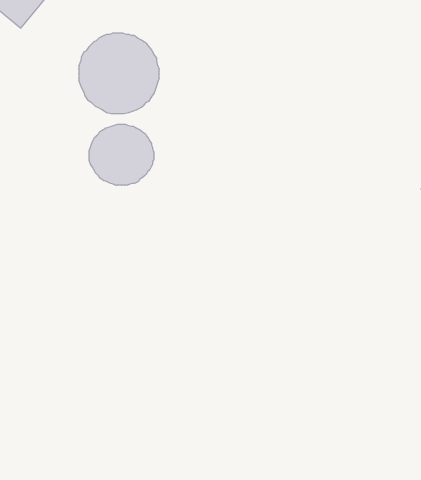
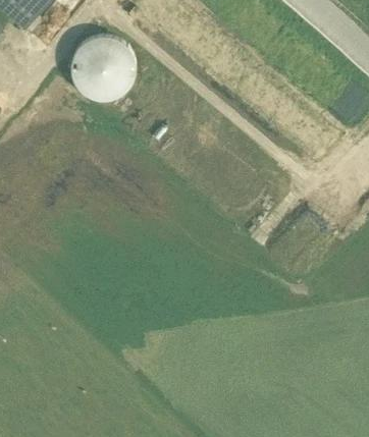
building: [89,124,154,185] -> none

